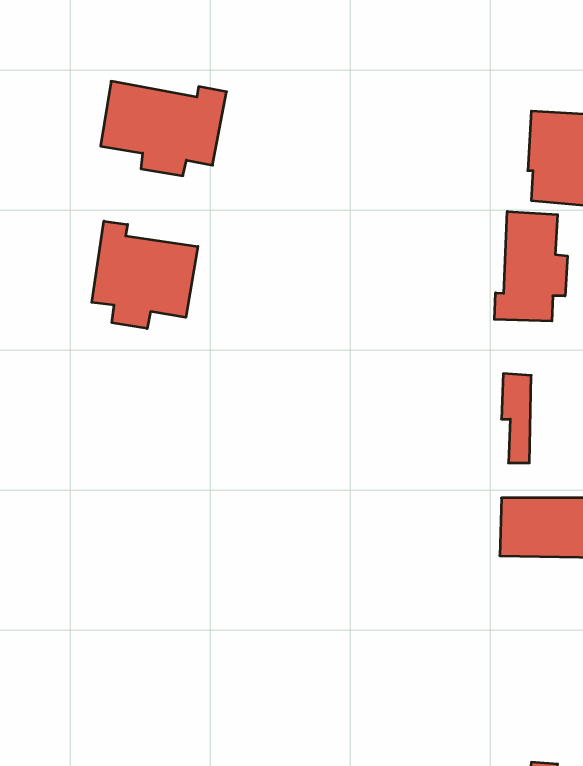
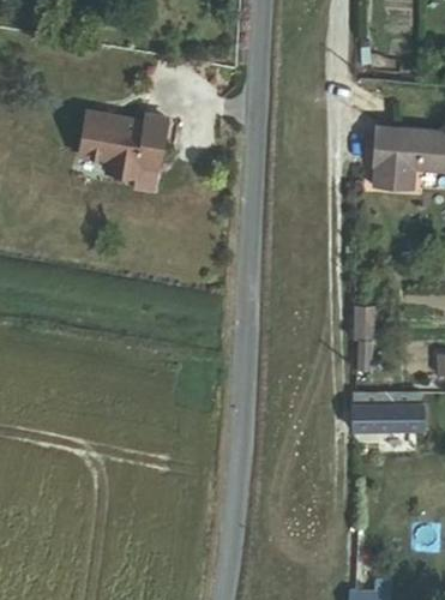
building: [494,211,567,321] -> none
building: [92,221,198,329] -> none

